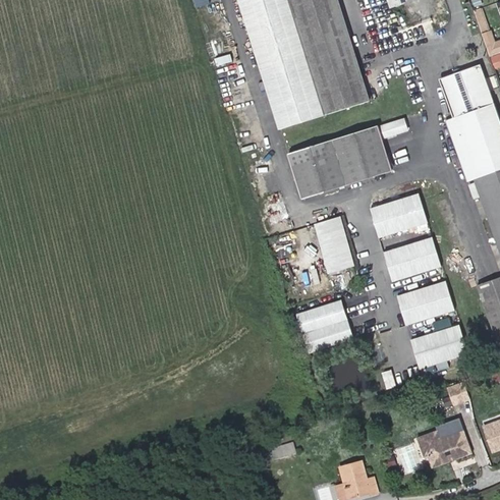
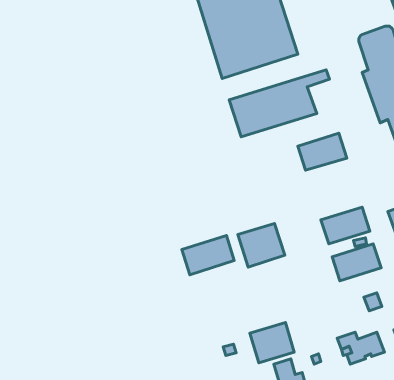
building: [316,218,352,272] -> none
building: [383,237,440,282] -> none
building: none -> [182,236,234,275]
building: none -> [250,322,294,363]

